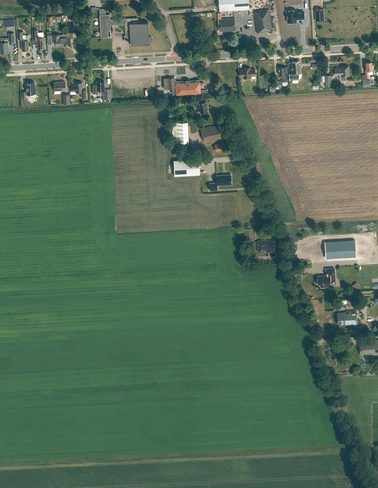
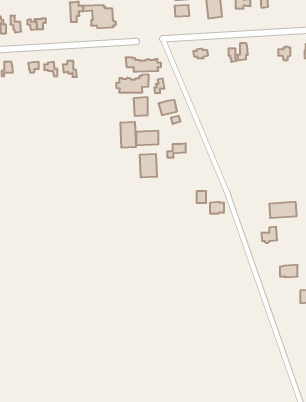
building: none -> [116,74,148,93]
building: none -> [121,122,136,148]
building: none -> [140,154,157,178]

